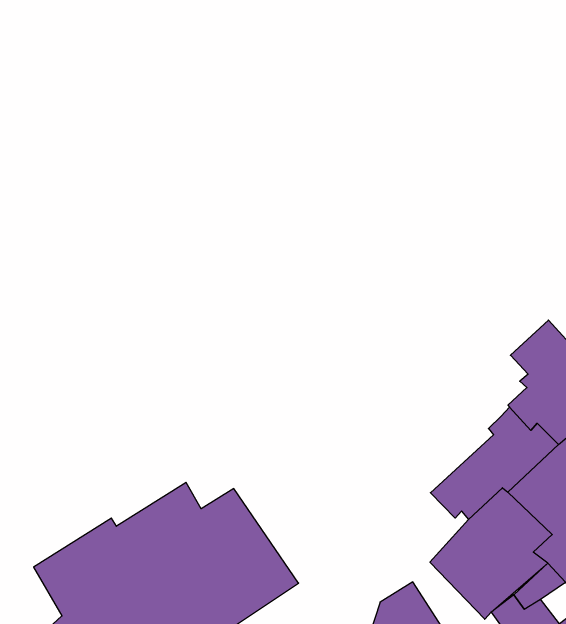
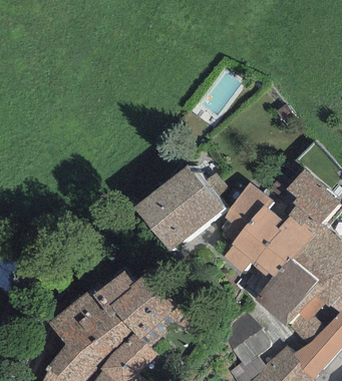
building: none -> [133,163,224,253]
building: none -> [224,181,285,272]

